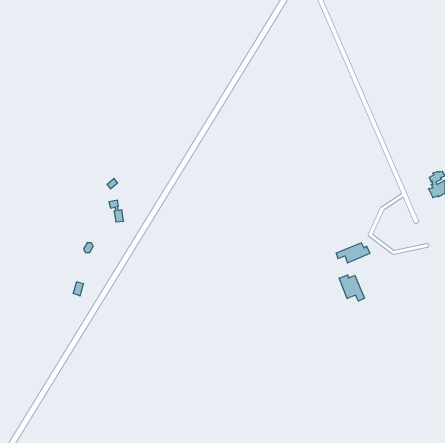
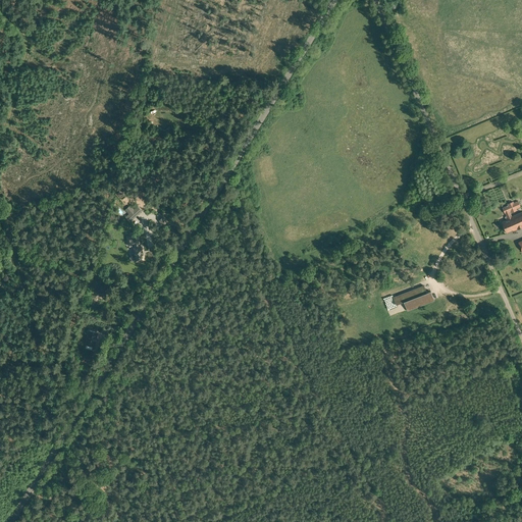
building: [339,275,364,301] -> none

